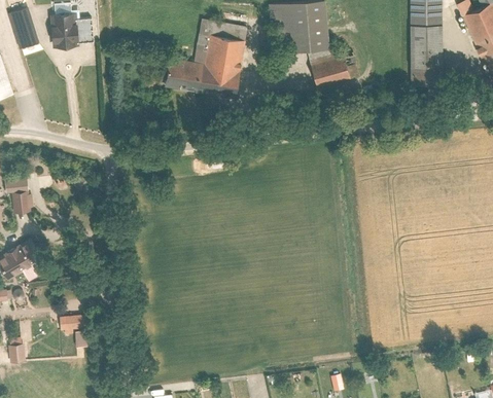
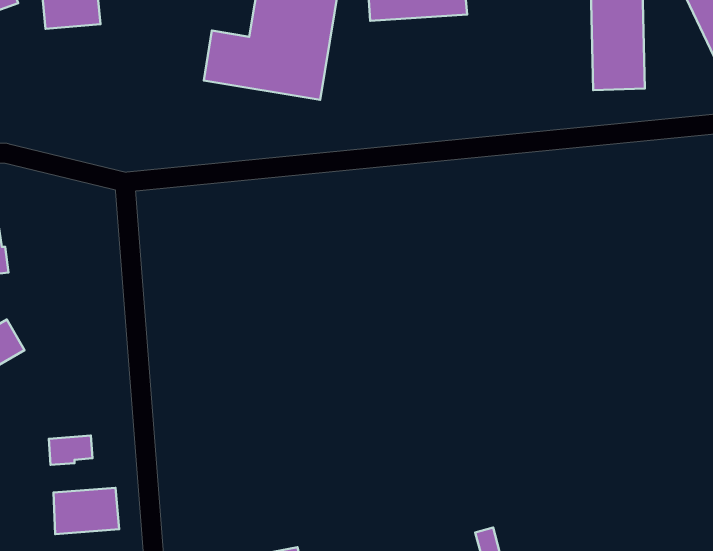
building: [308,50,353,87] -> none
building: none -> [54,488,119,534]

